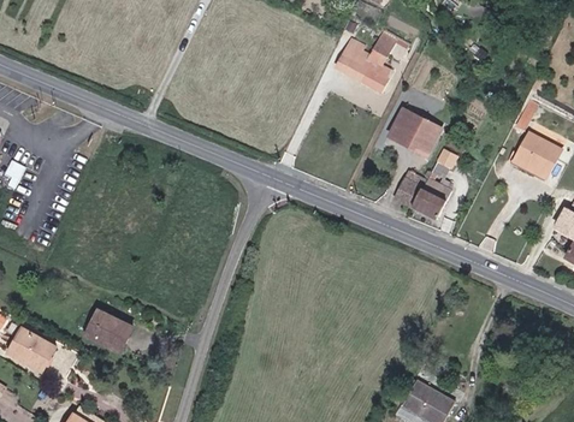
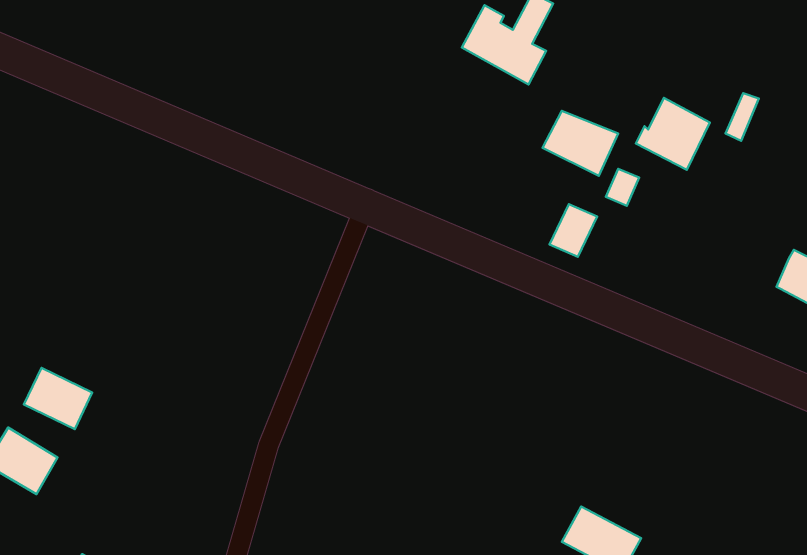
building: [510,129,561,178] -> [636,98,710,170]
building: [414,182,450,221] -> none
building: [85,311,132,353] -> [24,368,92,429]

